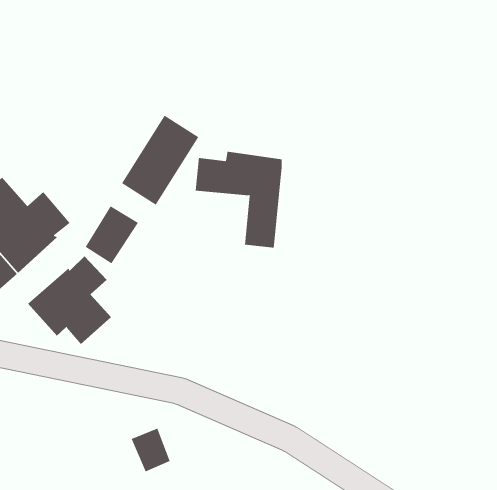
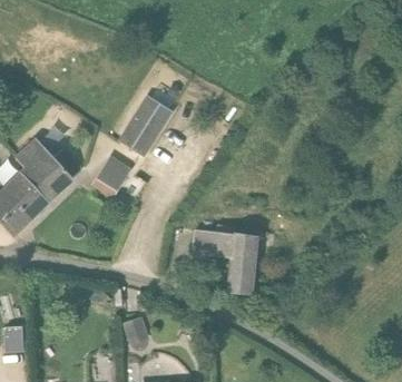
building: [195,151,282,248] -> [194,226,255,294]
building: [27,256,112,345] -> none

